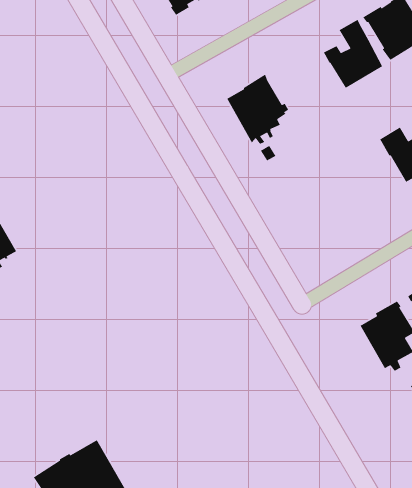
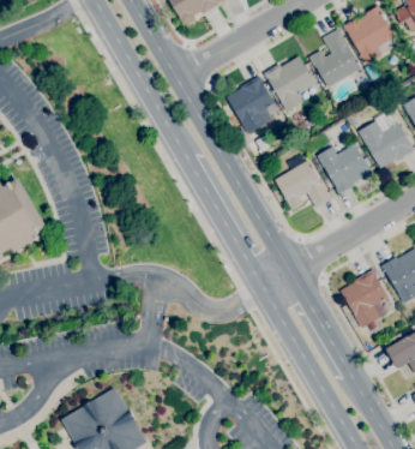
building: none -> [264,55,319,112]
building: none -> [317,143,374,194]
building: none -> [275,154,332,210]

